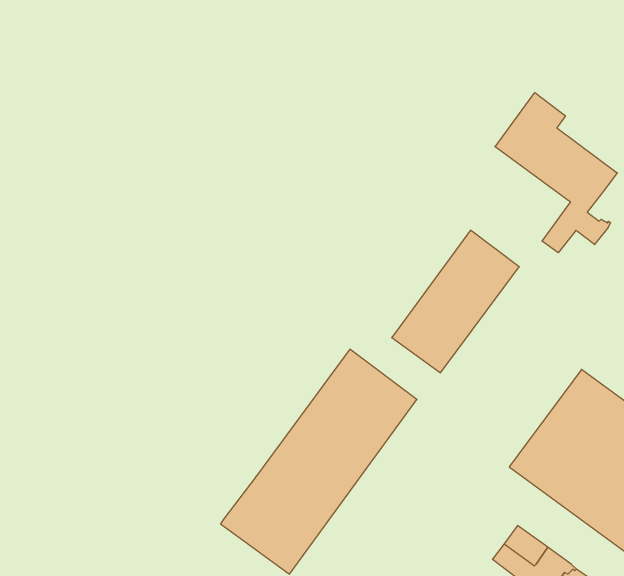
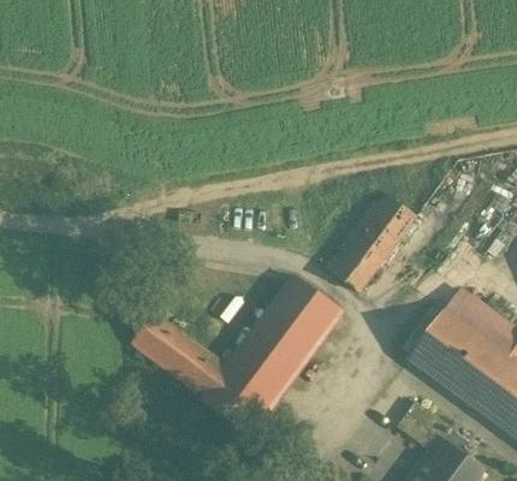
building: [495,93,617,253] -> none
building: none -> [131,311,227,396]

